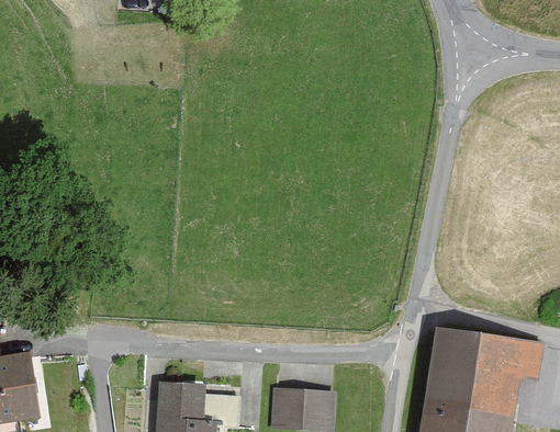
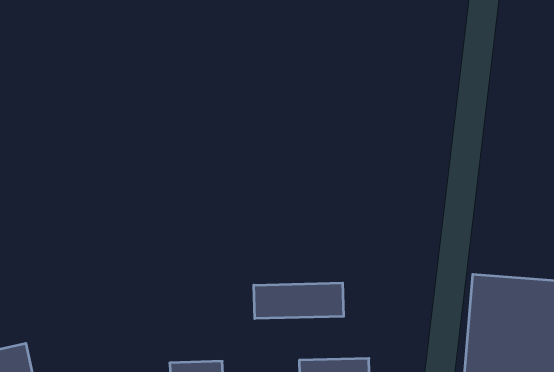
building: none -> [254,283,344,319]

